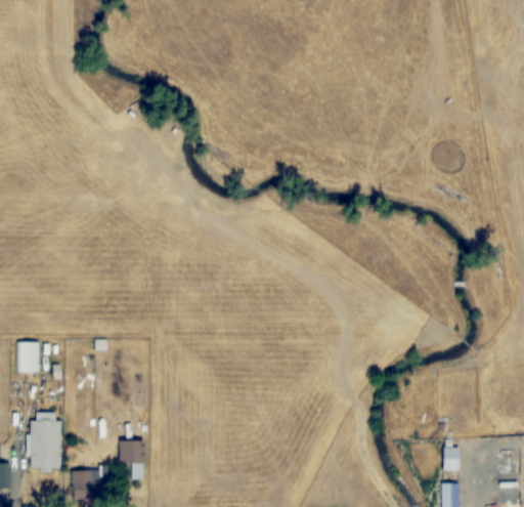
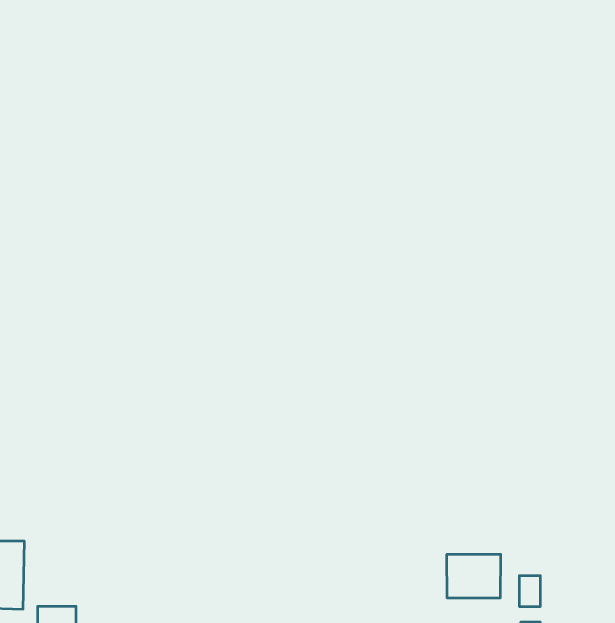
building: none -> [447,554,501,598]
building: [120,439,145,477] -> none

